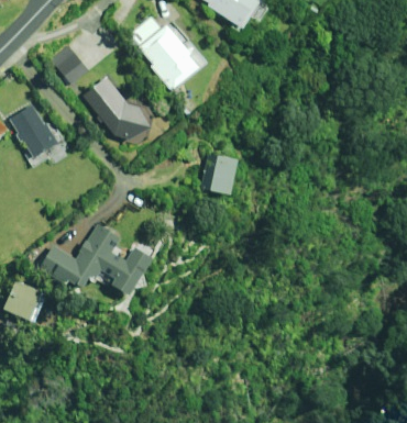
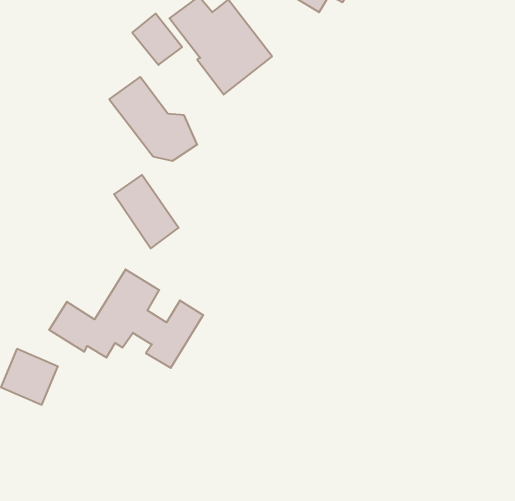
building: [51,46,88,85] -> [132,14,182,65]
building: [9,102,57,157] -> [114,175,179,248]
building: [199,154,235,194] -> none

